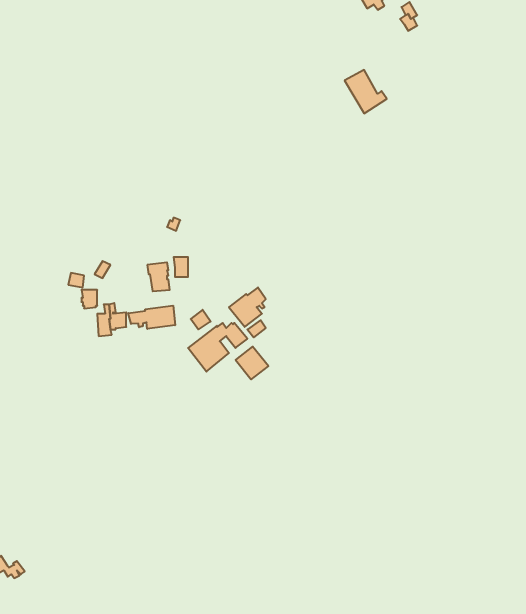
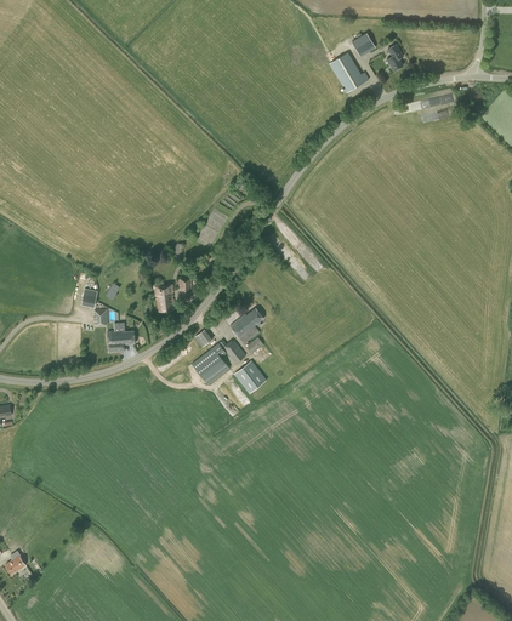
building: [345,70,387,113] -> [330,52,369,92]
building: [128,306,175,329] -> none

